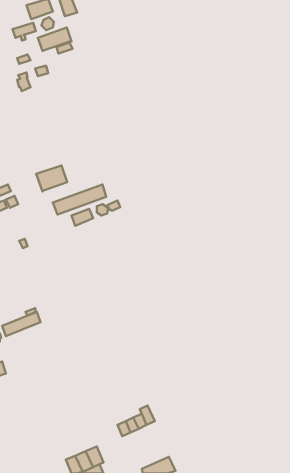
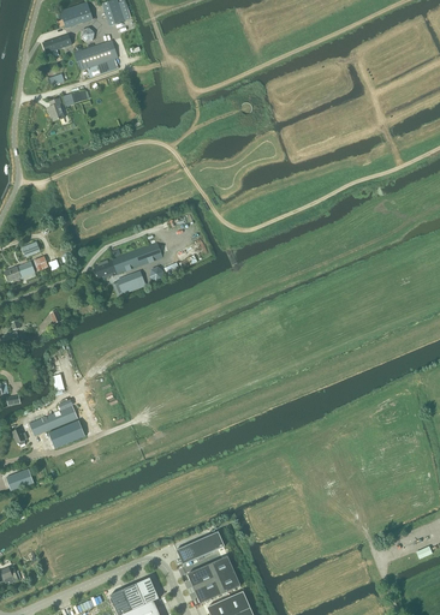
building: [36,166,67,192] -> none
building: none -> [48,420,85,448]
building: none -> [188,556,240,603]

